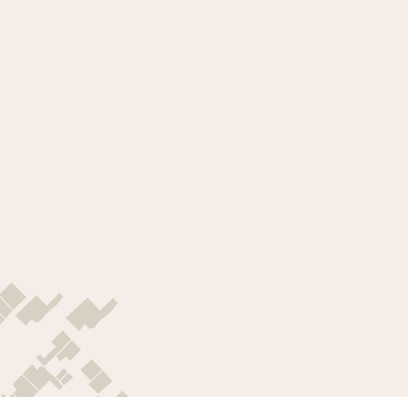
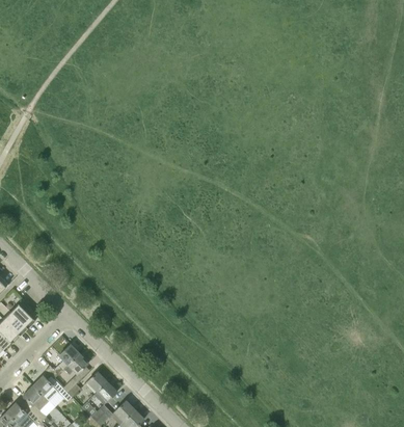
building: [15,292,64,327] -> none
building: [65,297,119,332] -> none

